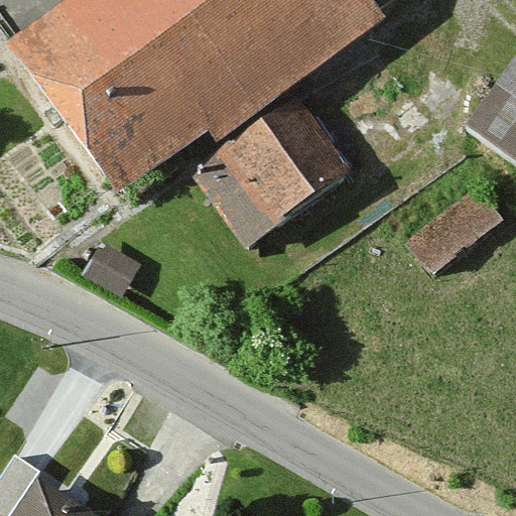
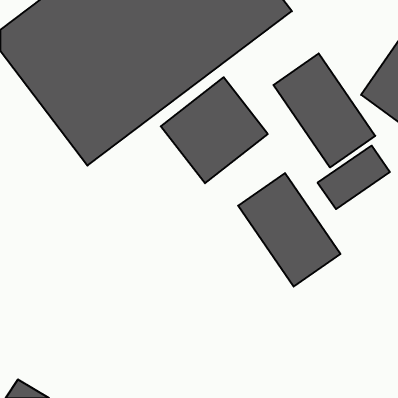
building: none -> [273,53,375,167]
building: none -> [238,173,340,287]

